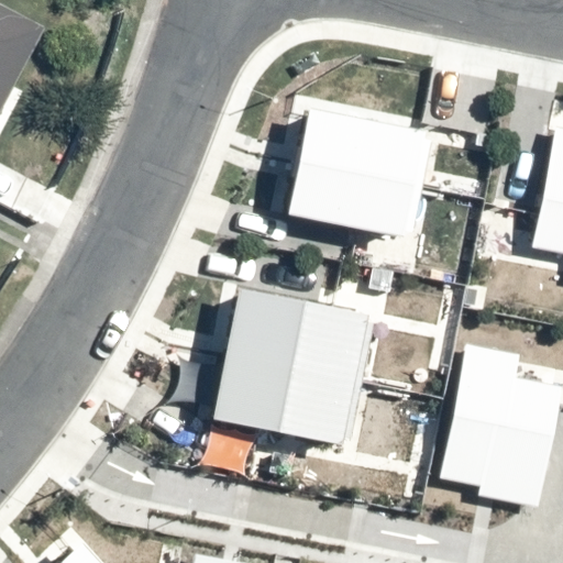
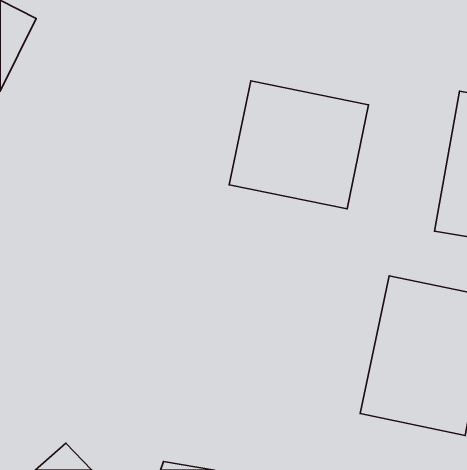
building: [211,273,396,453] -> none

